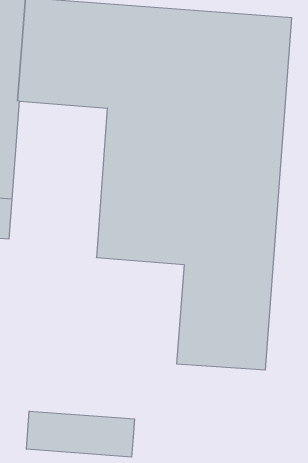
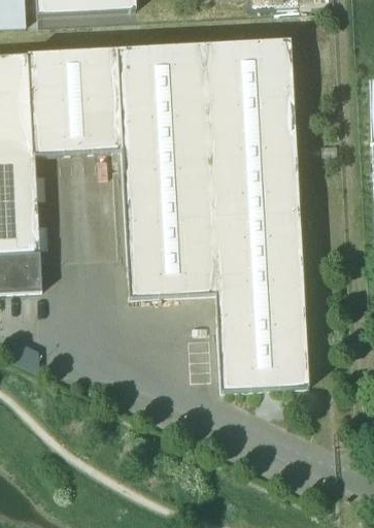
building: [26,411,134,457] -> none

